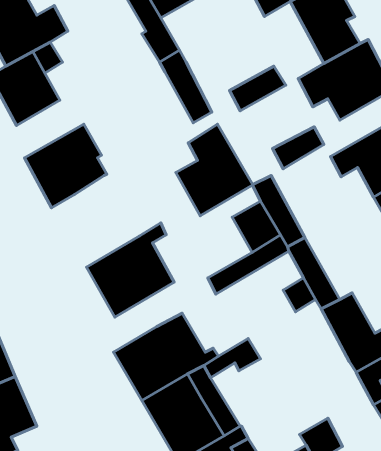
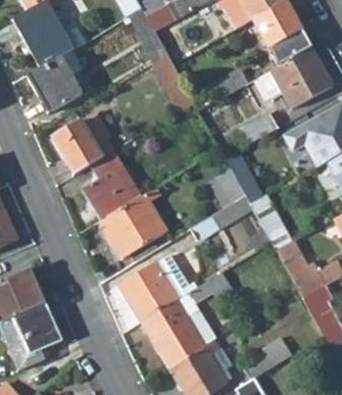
building: [176,124,253,216] -> [82,150,140,219]

